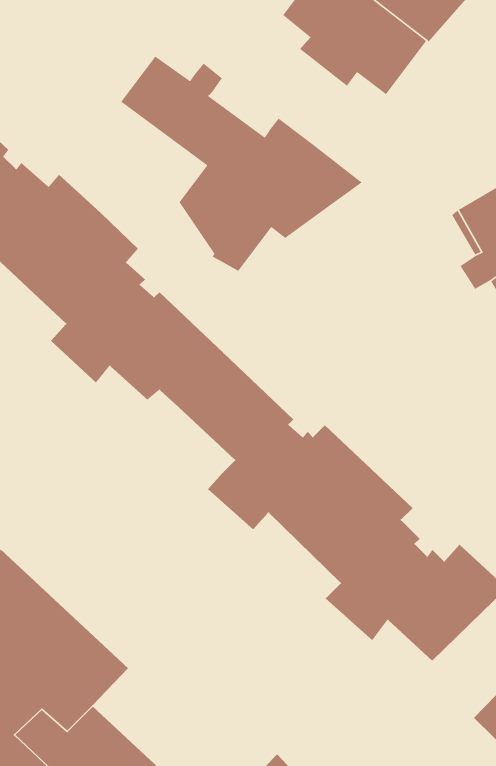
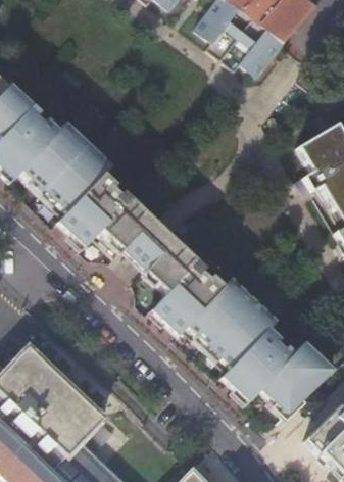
building: [120,55,363,272] -> none

